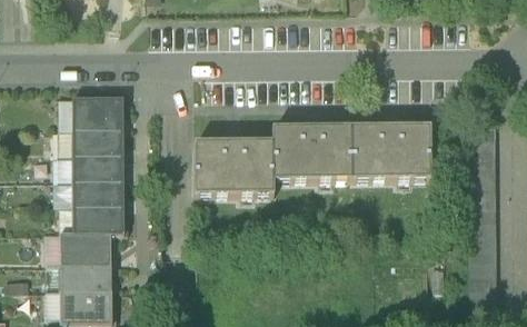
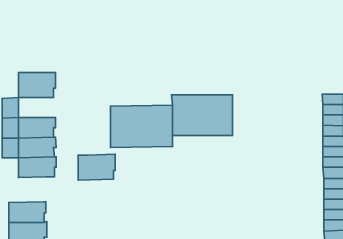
building: [351,123,431,177] -> none
building: [74,128,122,153] -> none
building: [62,230,110,264] -> [78,154,115,180]

